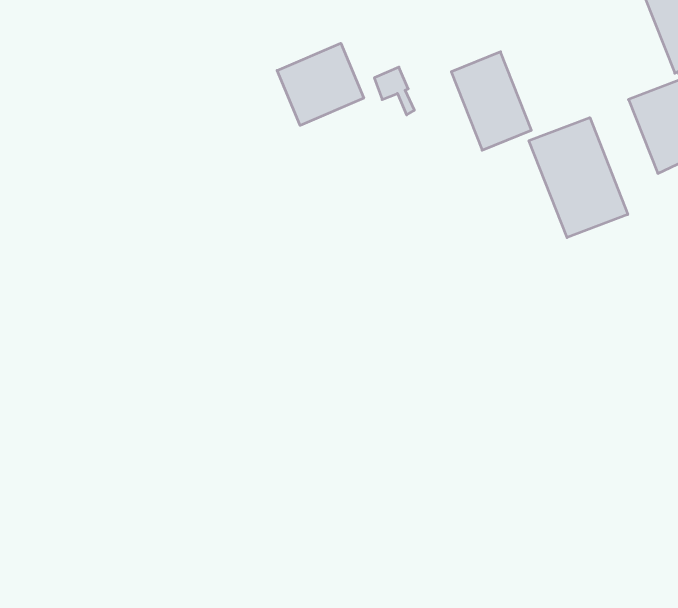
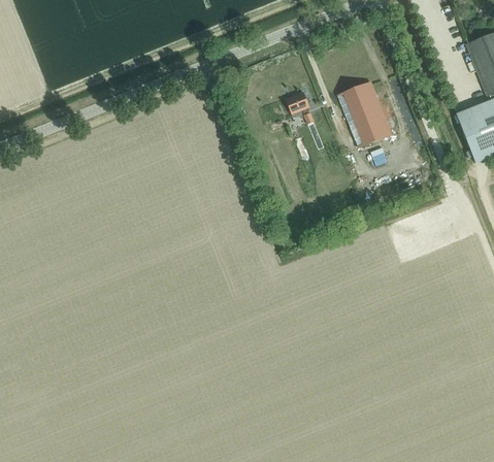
building: [277,43,364,125] -> none
building: [529,118,628,238] -> none

